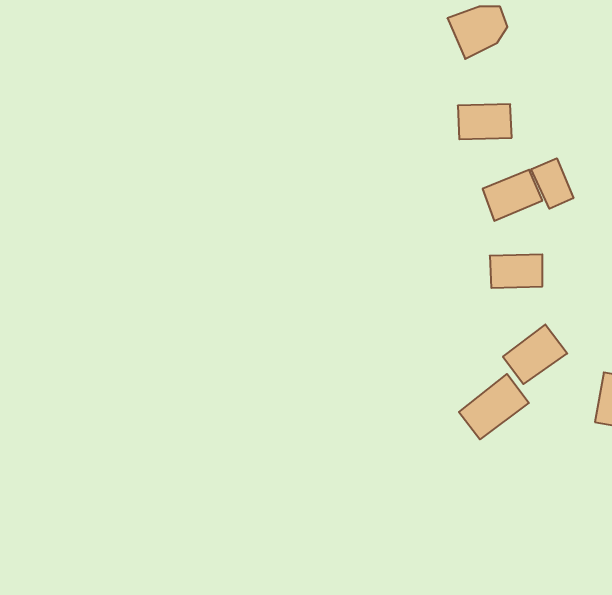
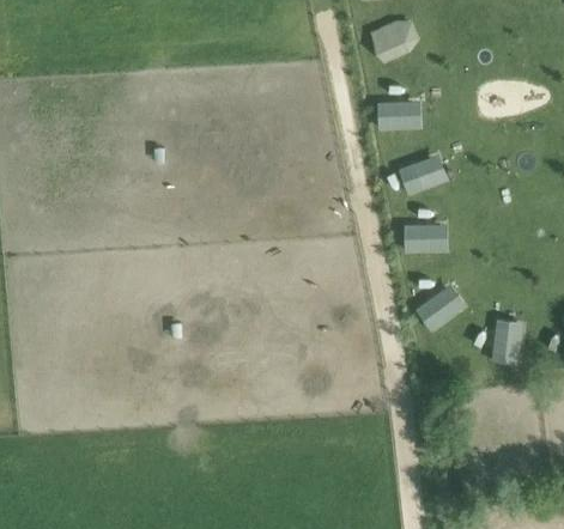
building: [531,158,573,209] -> none
building: [459,374,529,439] -> none

